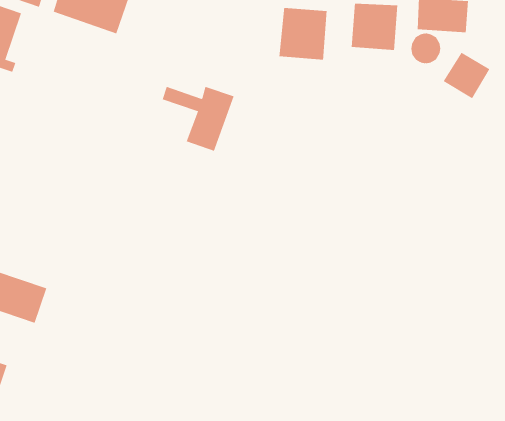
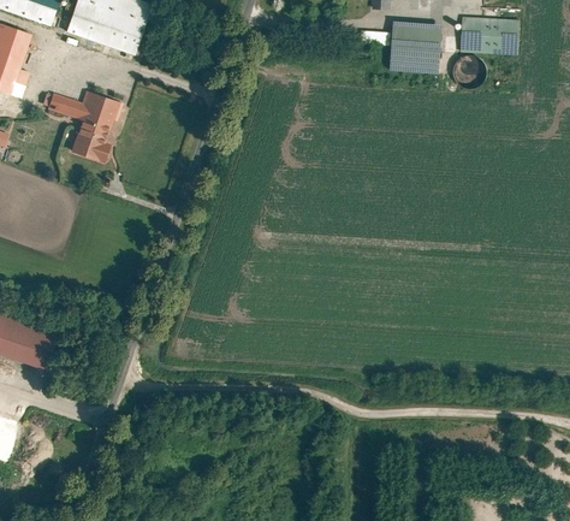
building: [279,7,327,60] -> none
building: [443,52,490,99] -> none
building: [162,86,235,151] -> [42,91,121,162]

